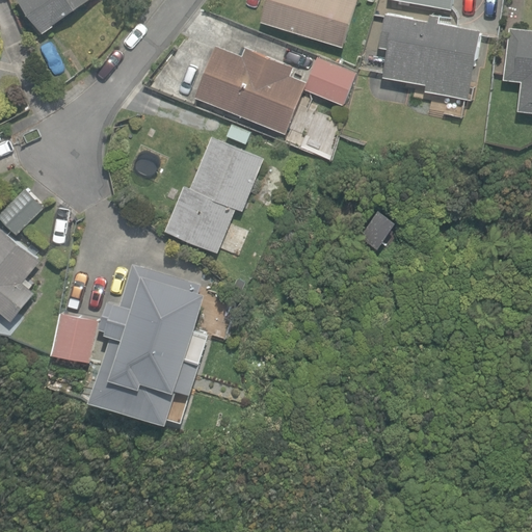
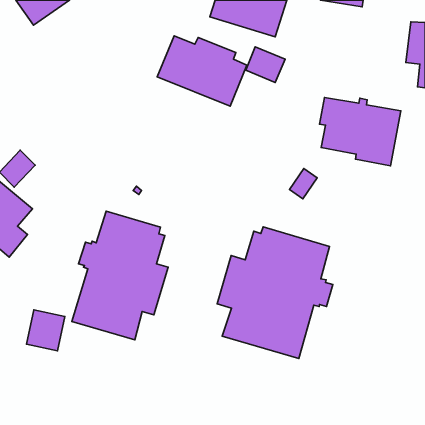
building: [380,15,481,100] -> [320,97,401,166]
building: [165,132,264,247] -> none
building: none -> [217,227,333,359]
building: [50,314,98,365] -> [26,310,65,351]

